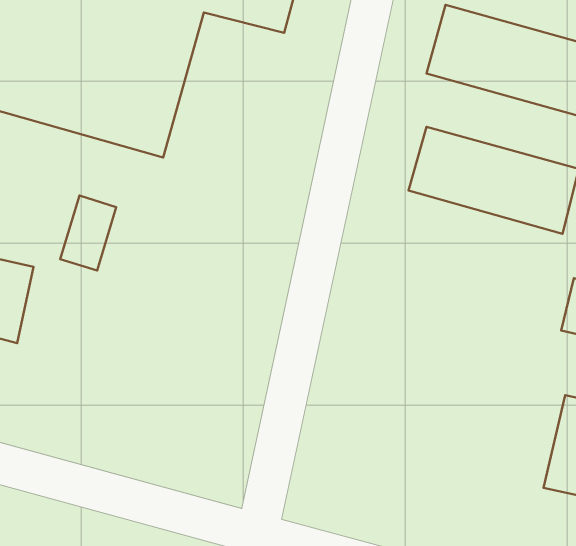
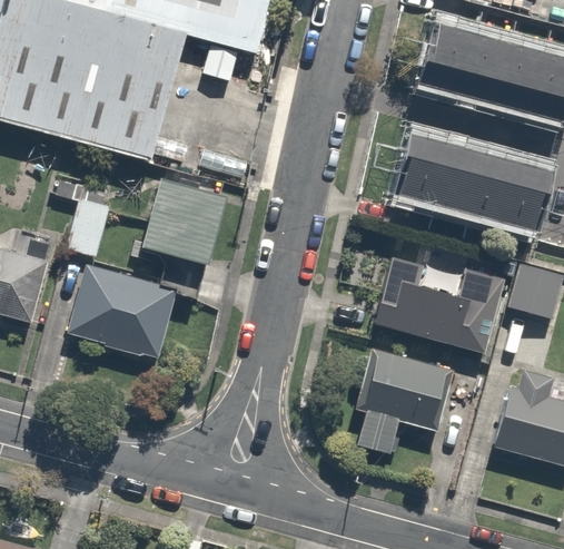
building: none -> [138,180,225,265]
building: none -> [377,254,508,353]
building: none -> [67,263,177,360]
building: none -> [356,354,448,448]

